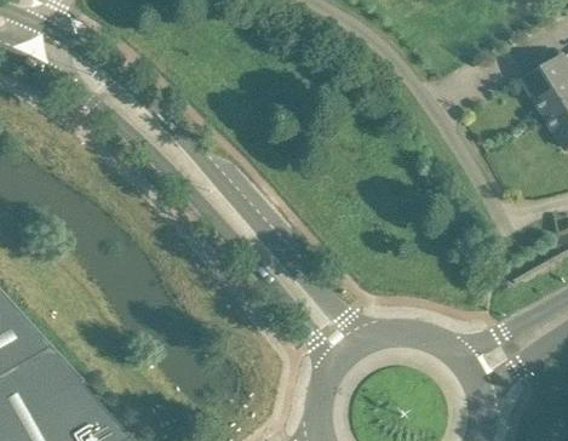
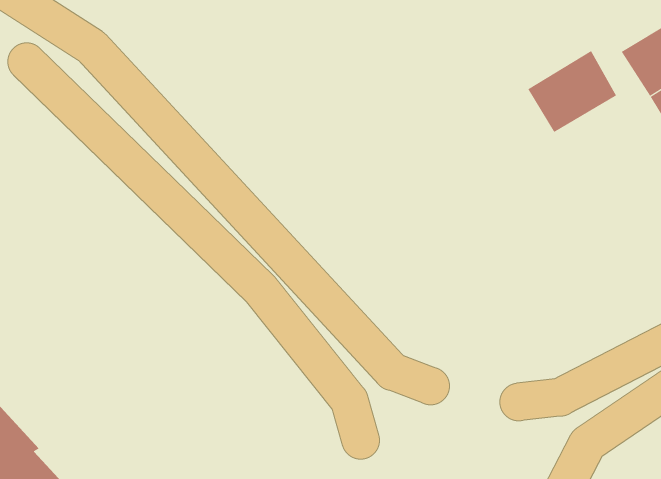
building: none -> [528,50,617,133]

